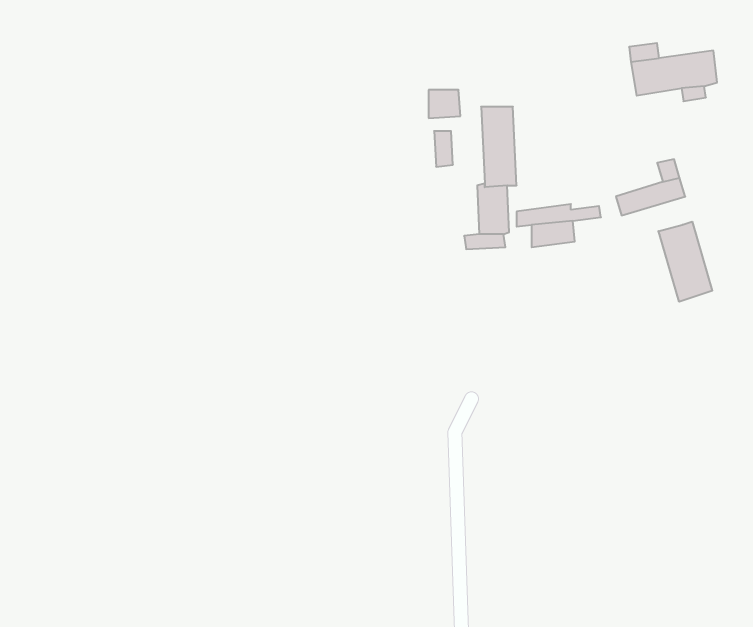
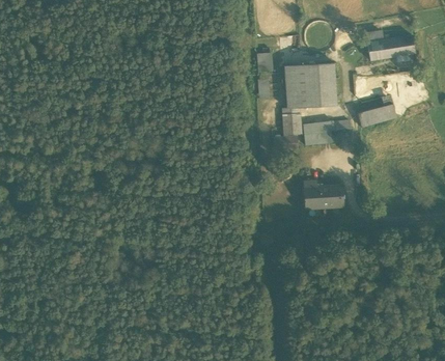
building: none -> [303,63,333,109]
building: [658,222,712,302] -> none
building: none -> [305,185,342,211]

